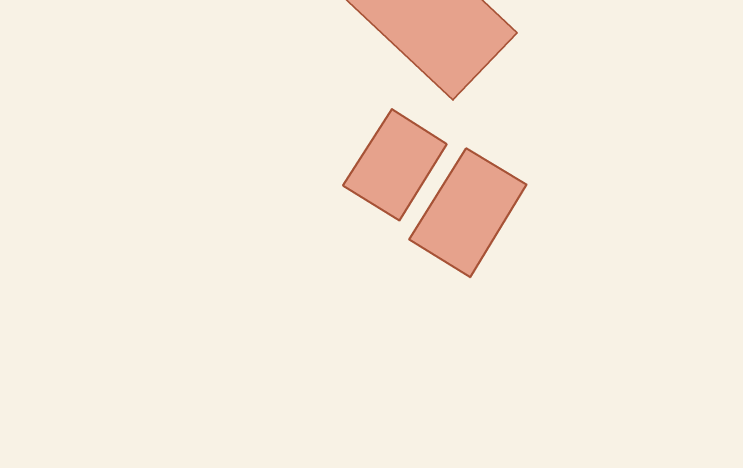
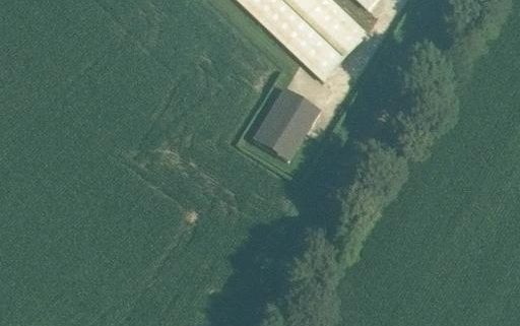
building: [409,148,526,277] -> none

